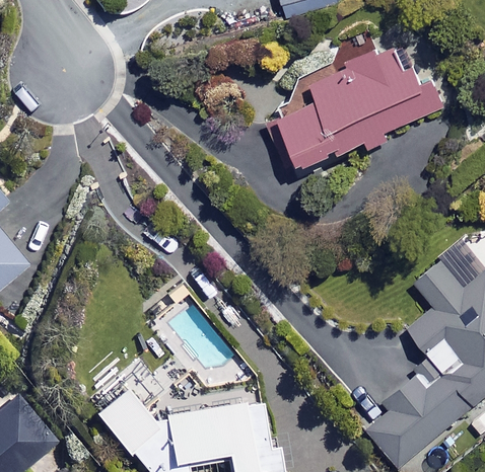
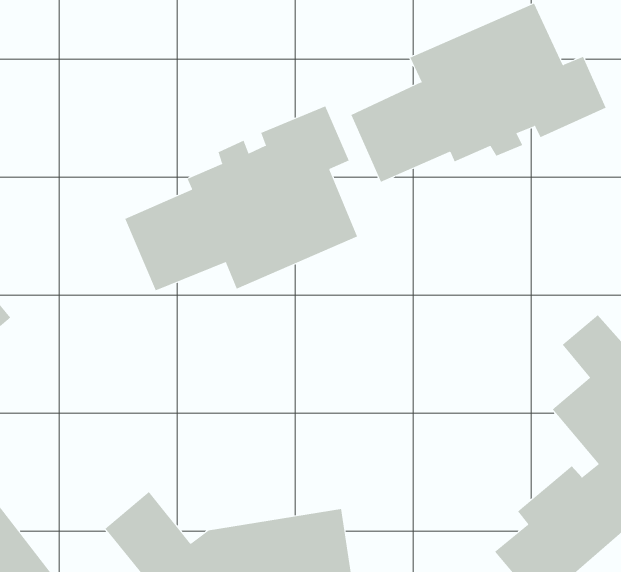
building: none -> [125,105,358,291]

